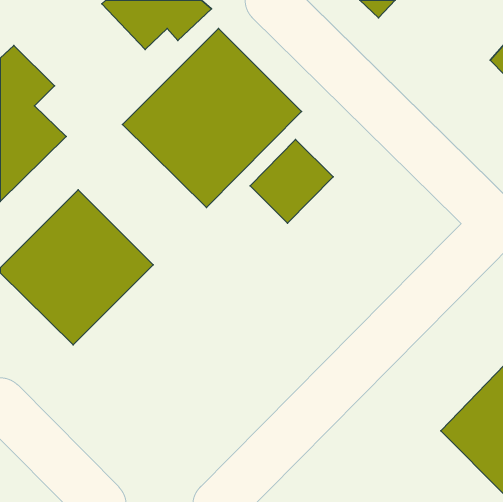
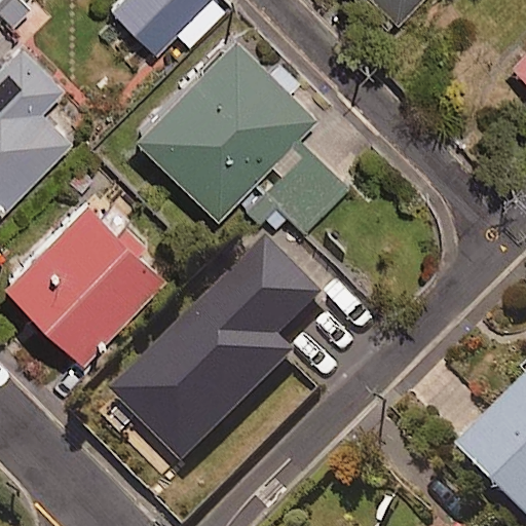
building: none -> [108,237,322,463]

